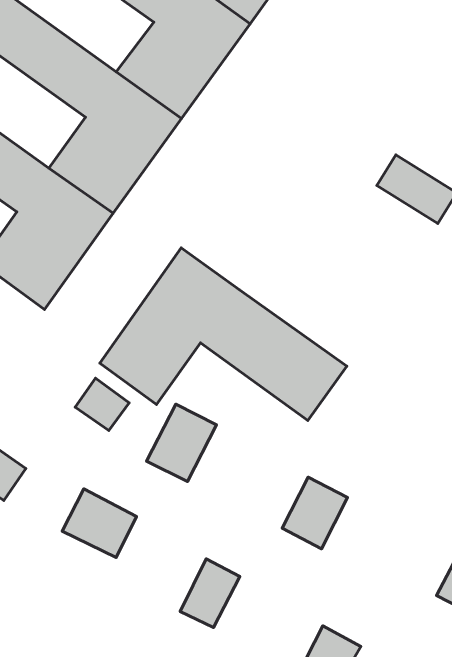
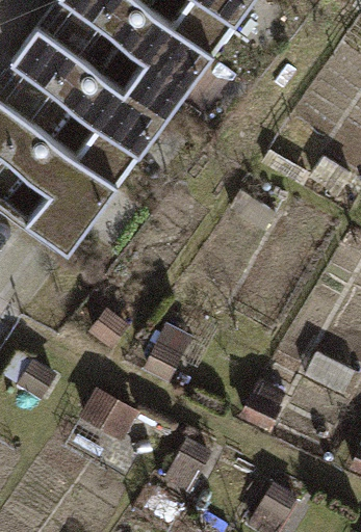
building: [100,248,347,420] -> none

